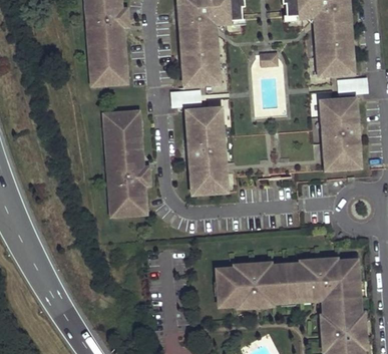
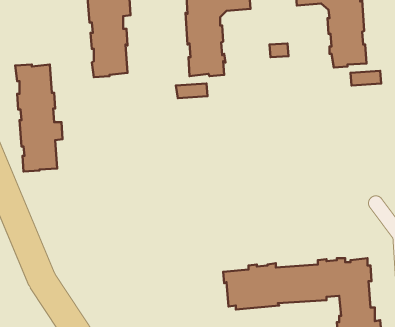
building: [320,99,359,169] -> none
building: [185,108,225,193] -> none
building: [103,113,148,216] -> [15,64,63,172]

